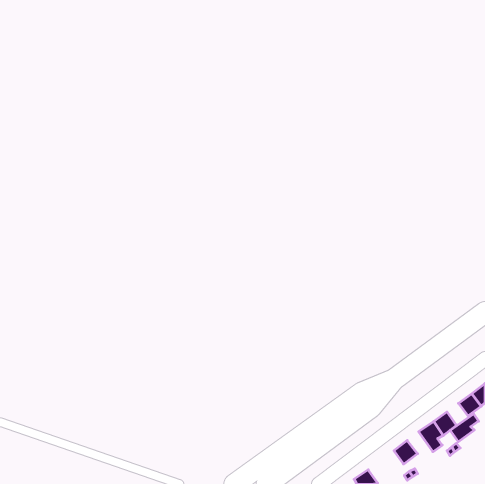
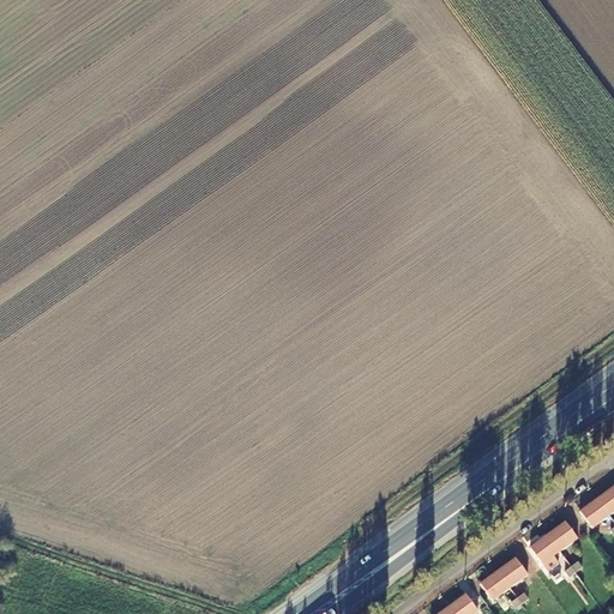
building: [450,414,479,442] -> none
building: none -> [480,570,510,604]

